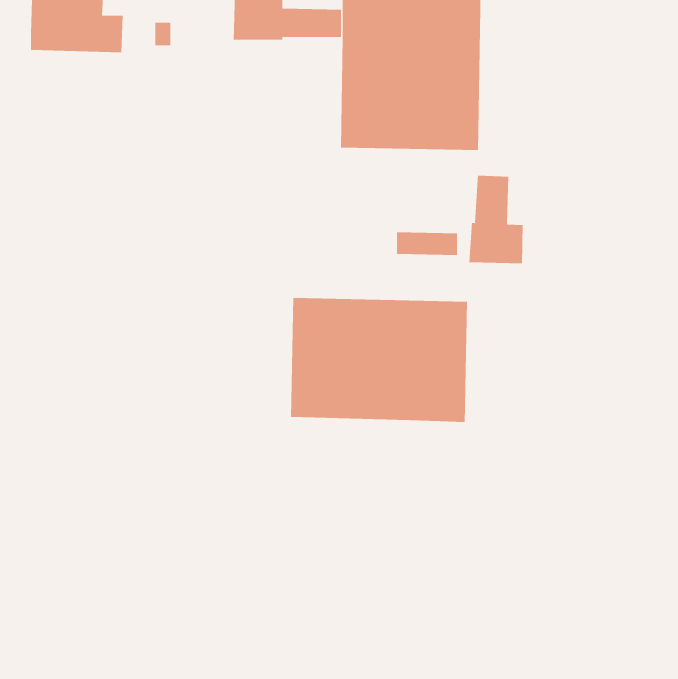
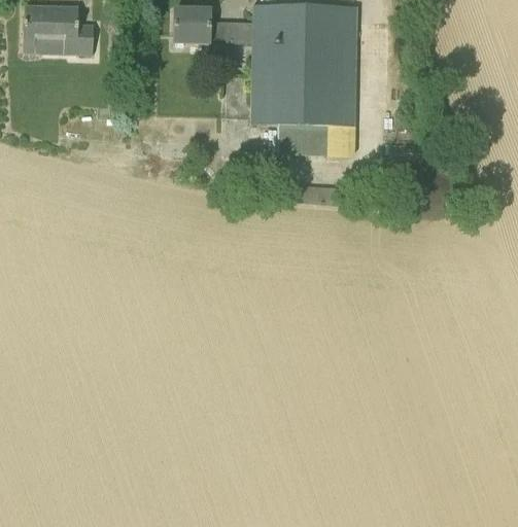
building: [469,175,523,264] -> none
building: [290,297,468,423] -> none

